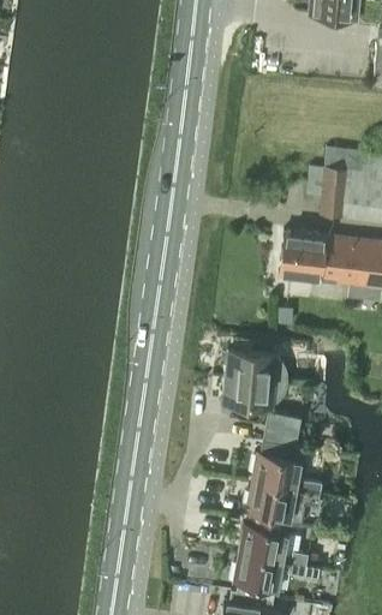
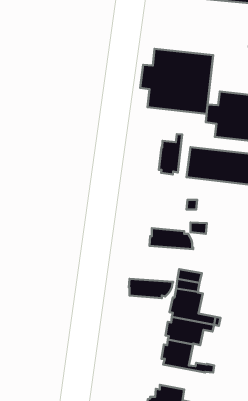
building: none -> [140,49,213,114]
building: none -> [159,134,182,174]
building: [222,377,288,406] -> [129,279,173,298]
building: [234,554,306,591] -> none

